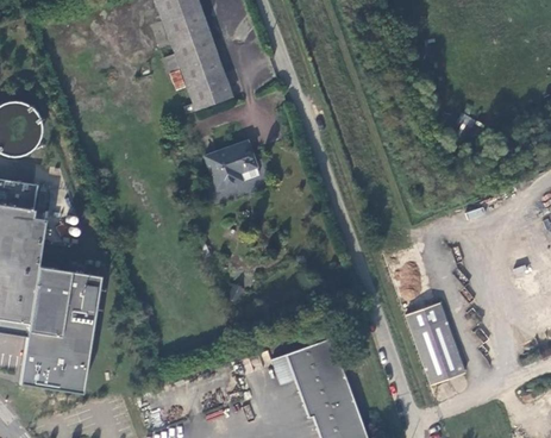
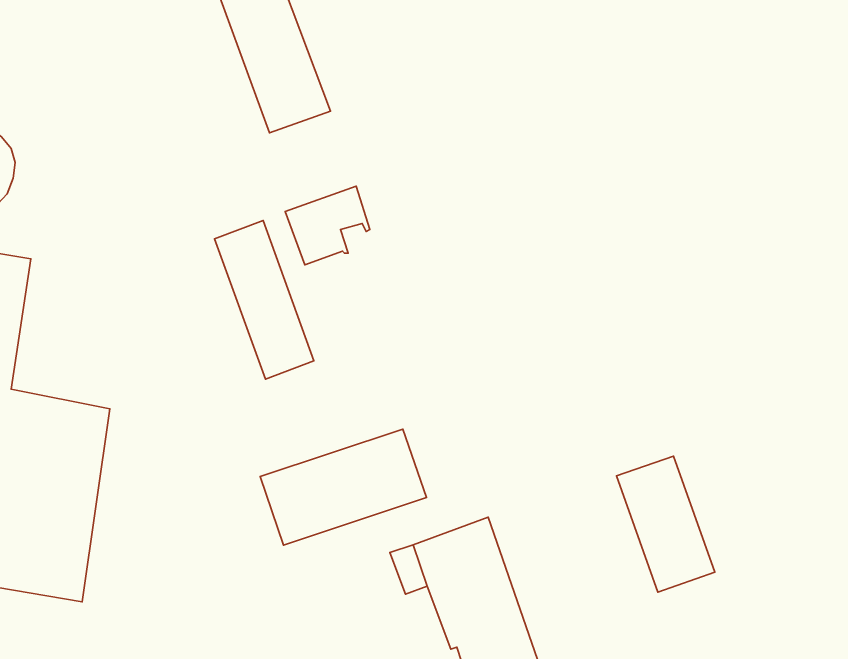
building: none -> [215,220,314,379]
building: none -> [260,429,426,545]

